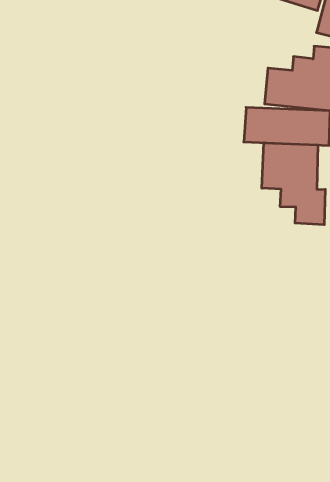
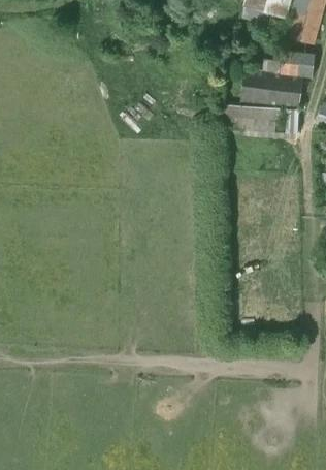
building: [262,143,325,225] -> none

